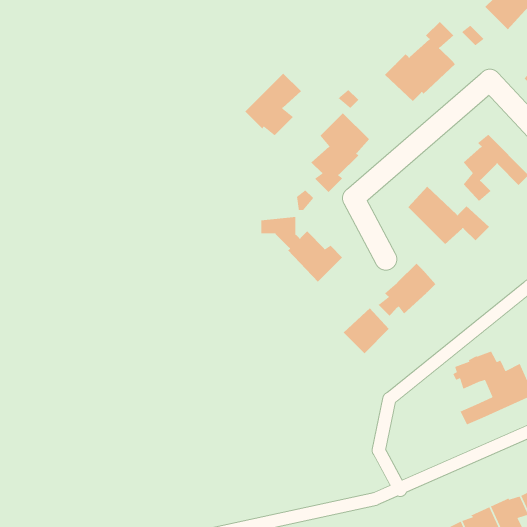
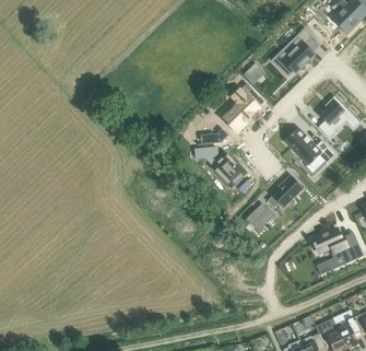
building: [245,73,302,136] -> none

